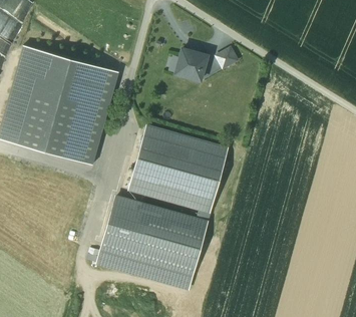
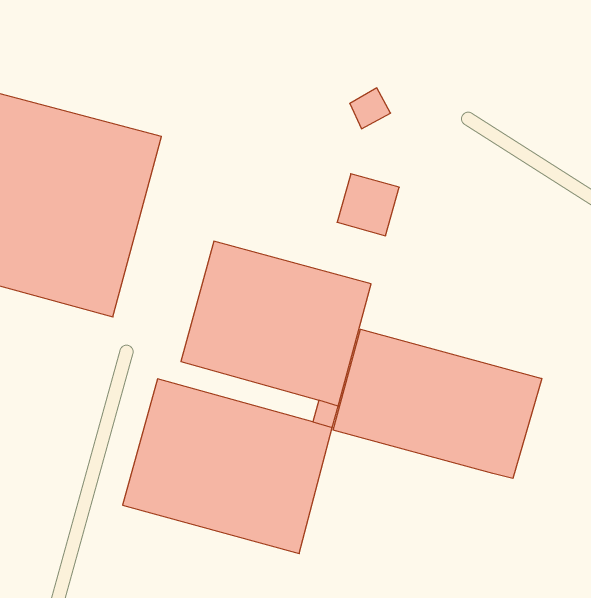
building: [174,48,207,80] -> [337,174,399,236]
building: none -> [333,329,542,478]

